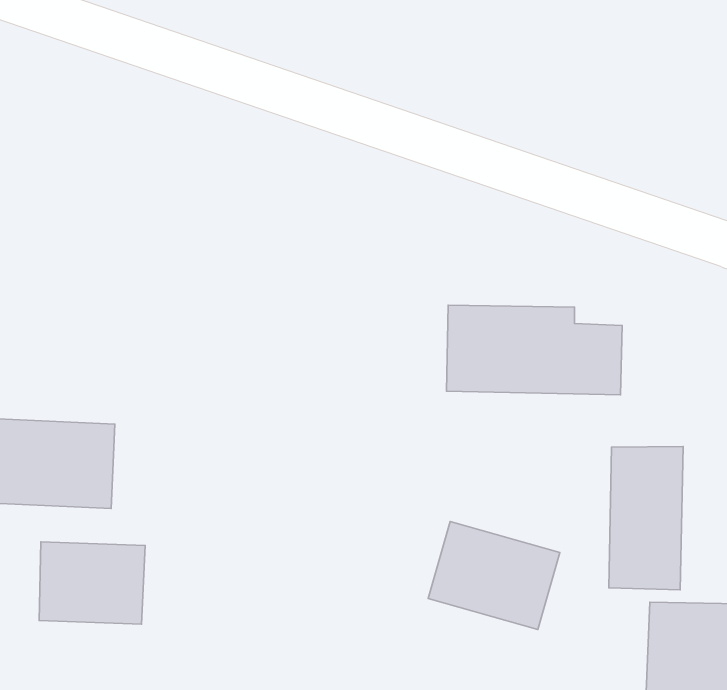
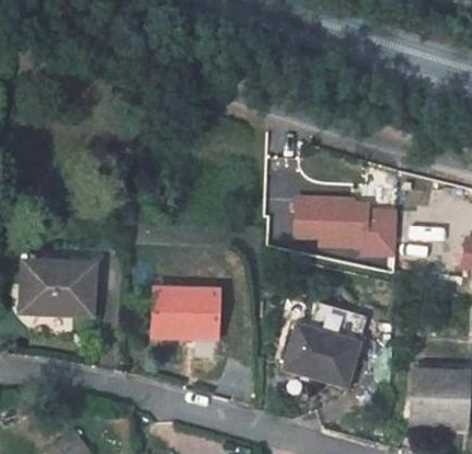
building: [609,447,683,590] -> none
building: [39,542,145,624] -> [154,288,218,338]

